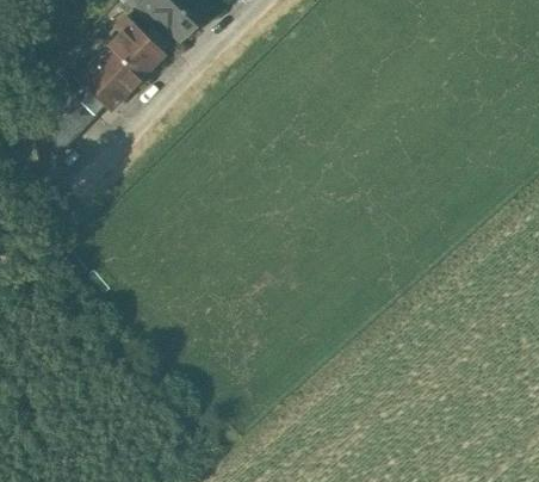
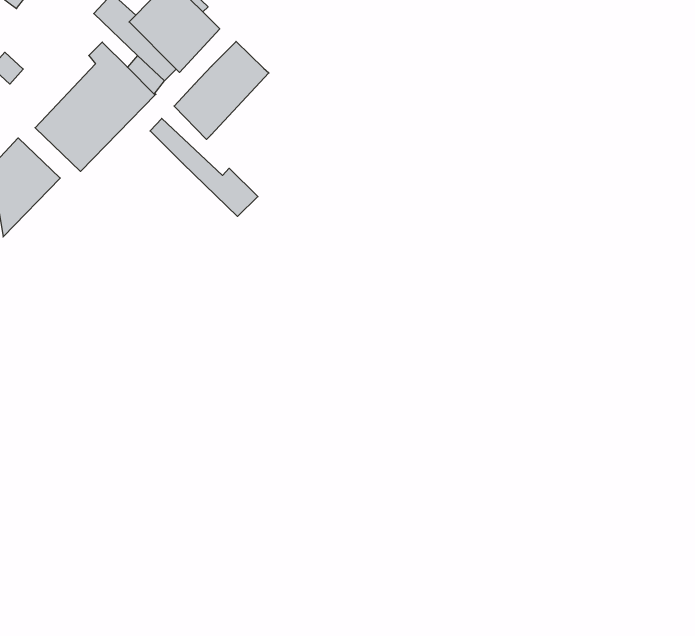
building: none -> [174,41,269,139]
building: none -> [150,118,258,216]

